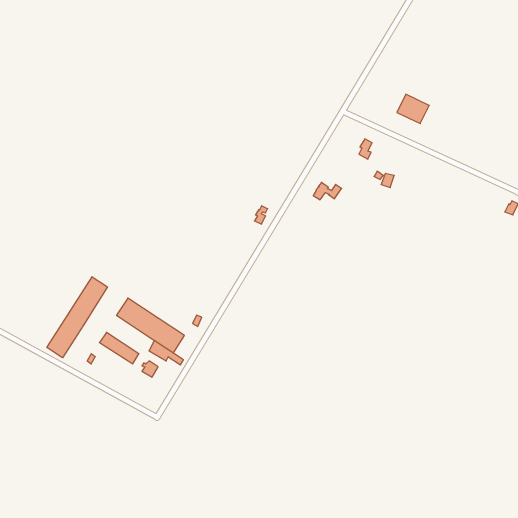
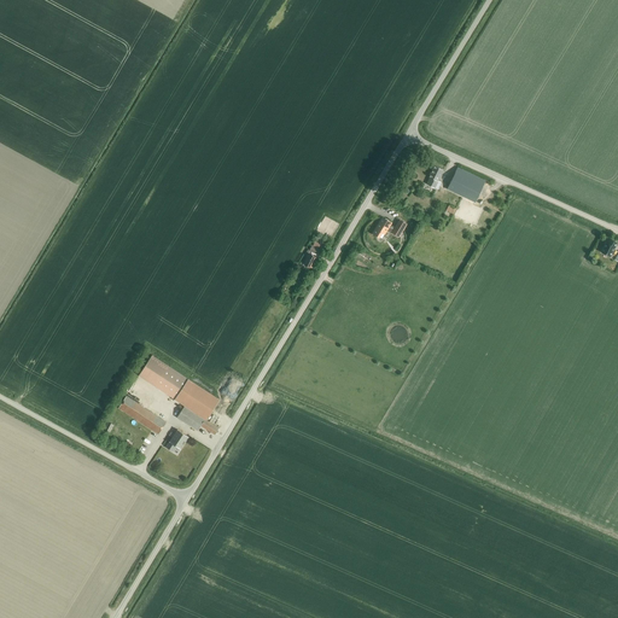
building: [397,94,429,124] -> [447,168,485,203]
building: [47,277,108,358] -> none

